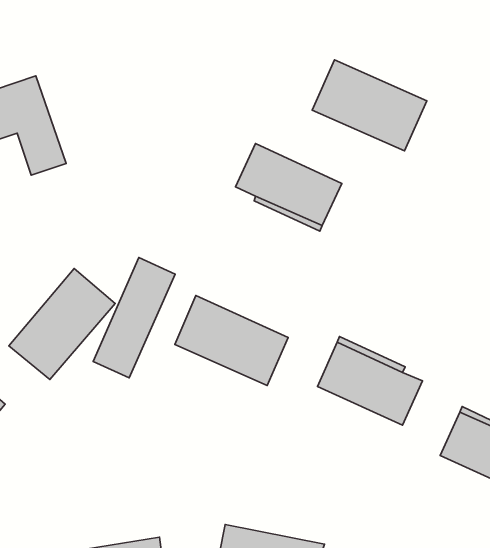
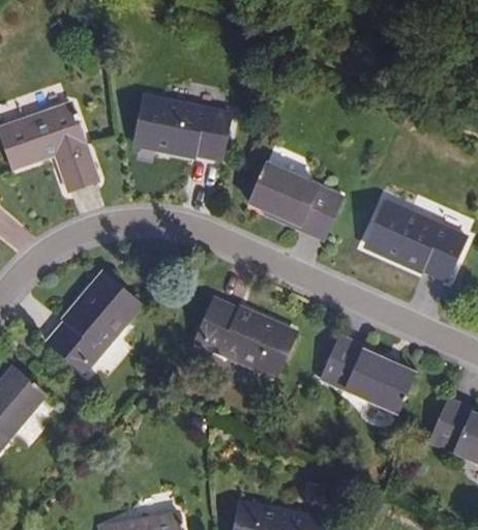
building: [312,60,427,151] -> [365,200,467,281]
building: none -> [133,96,231,159]
building: [93,257,175,378] -> none

